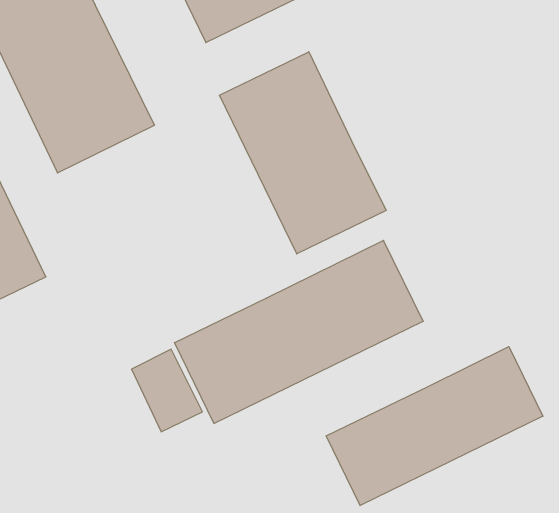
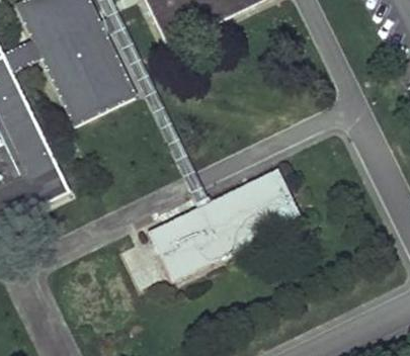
building: [219,52,386,254] -> none
building: [326,347,543,506] -> none

